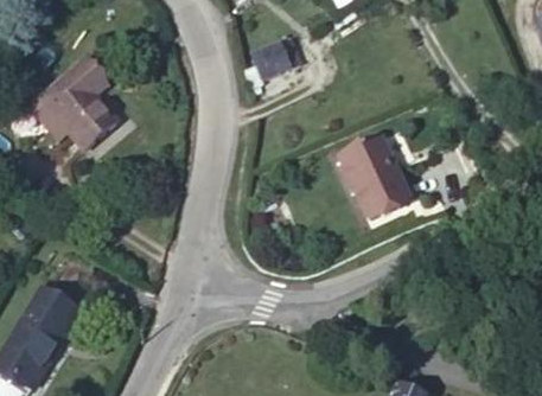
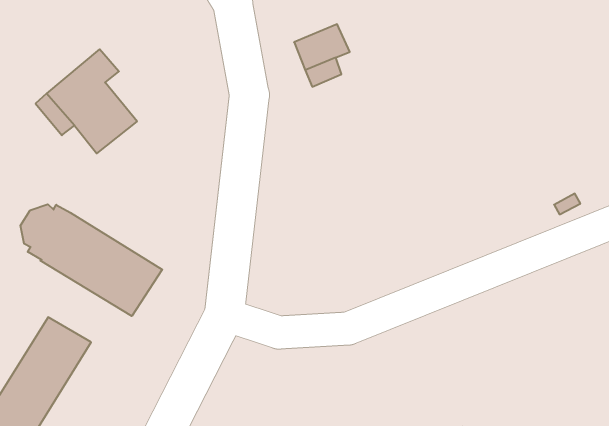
building: [338,135,409,216] -> none
building: none -> [21,204,162,316]

